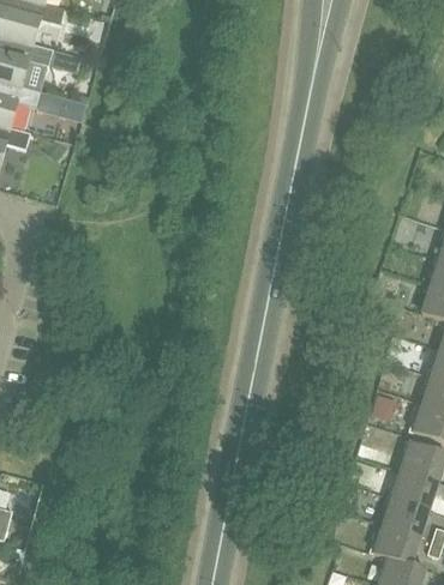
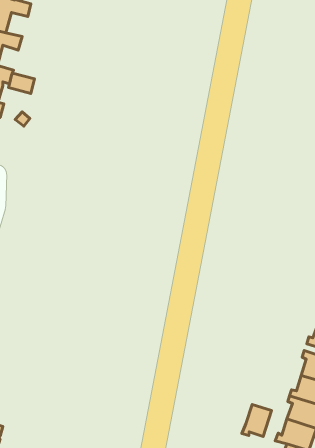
building: none -> [242,405,272,437]

